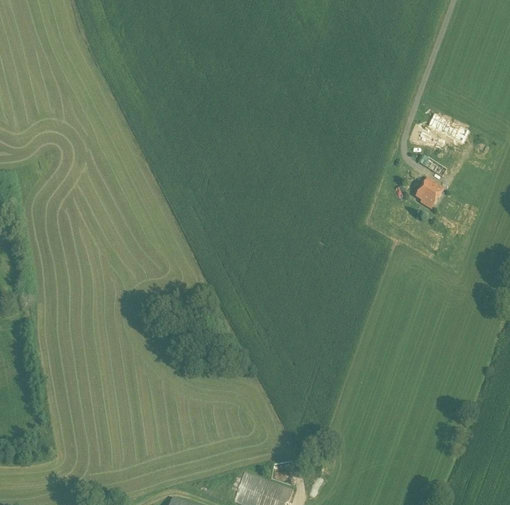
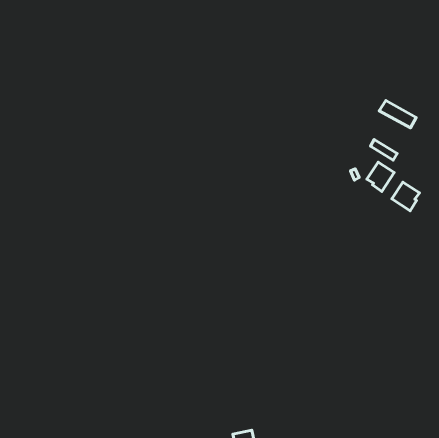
building: none -> [392,182,420,211]

